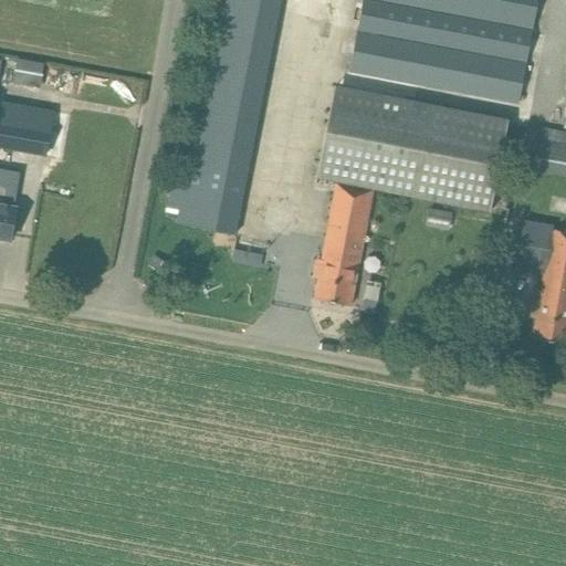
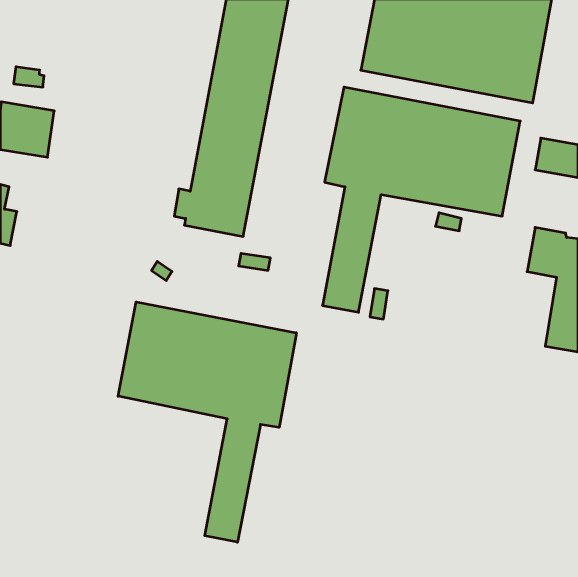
building: none -> [118,302,296,542]

